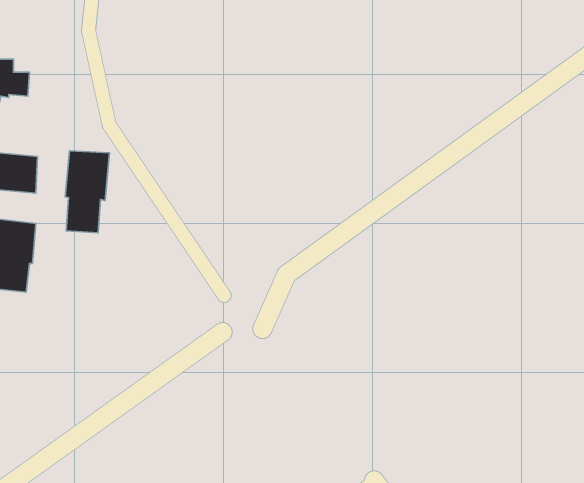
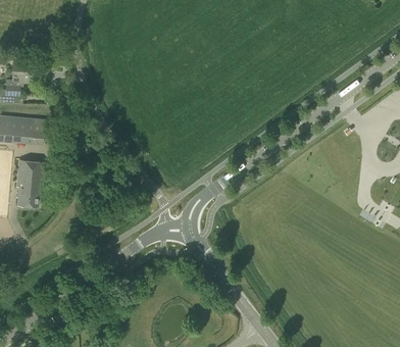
building: [65,151,110,233] -> none

